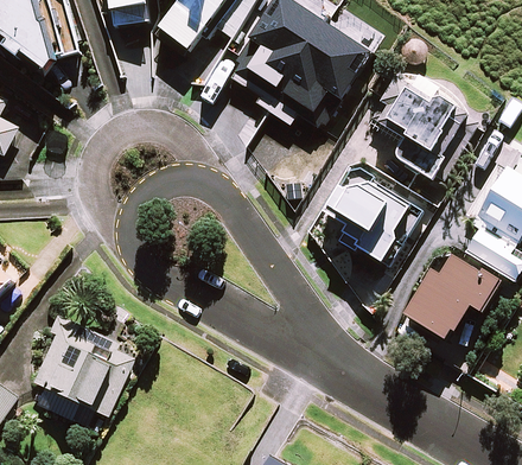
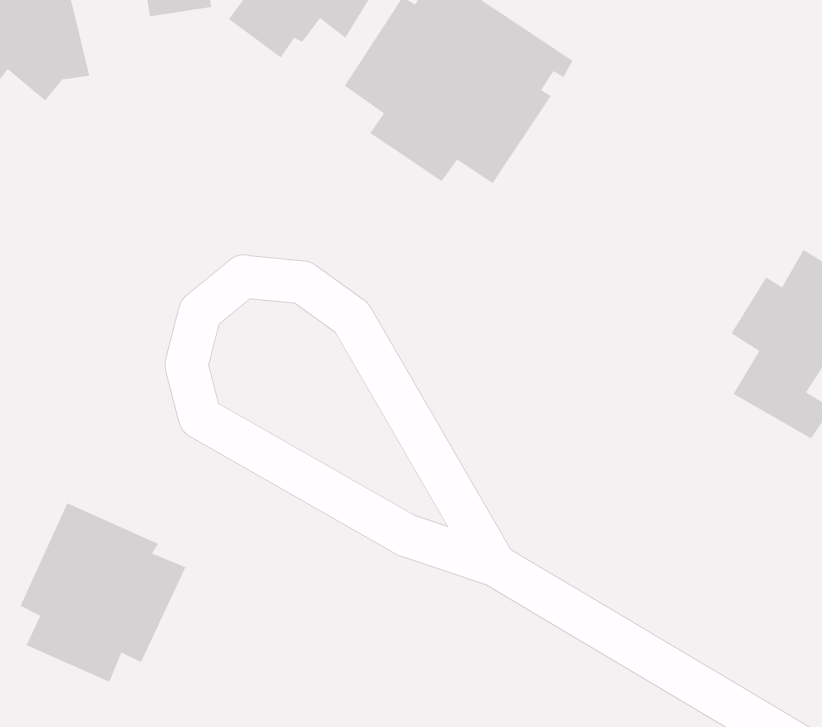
building: [378,69,479,184] -> none
building: [331,178,409,261] -> none
building: [406,244,503,368] -> none

